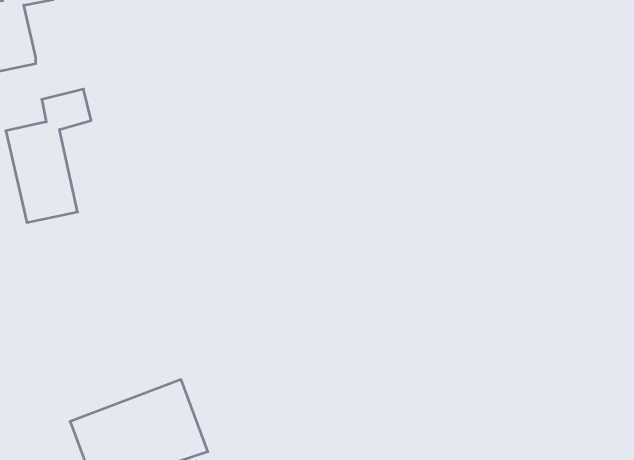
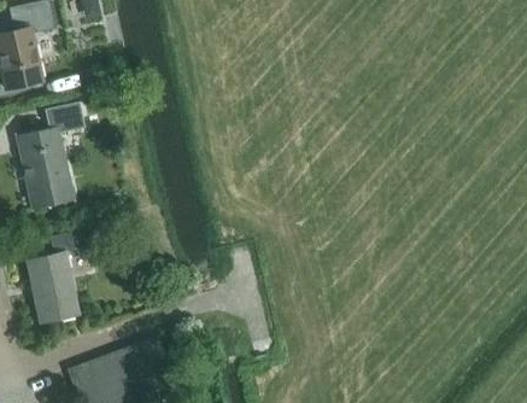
building: none -> [27,233,81,322]

